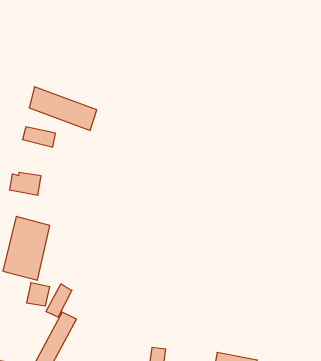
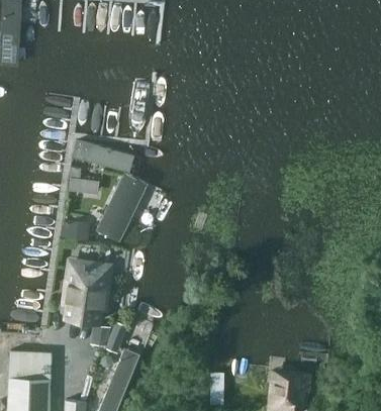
building: none -> [99,177,148,243]

